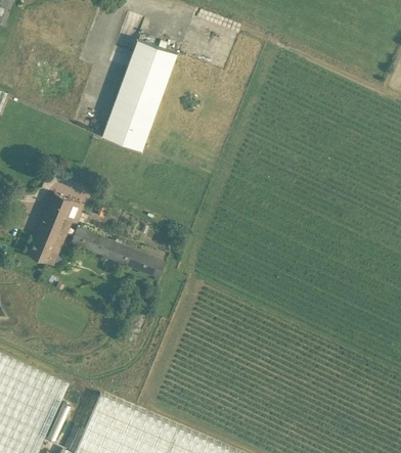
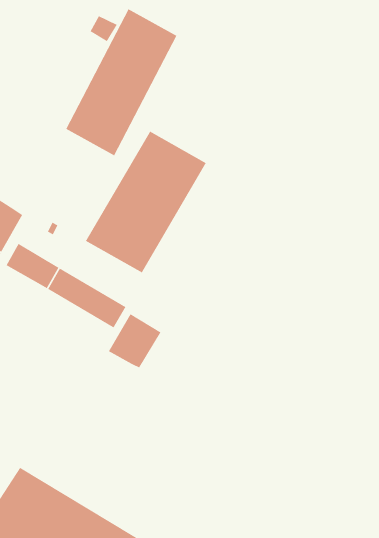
building: none -> [85,131,207,273]
building: none -> [108,313,162,369]

